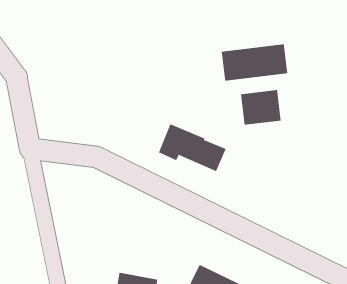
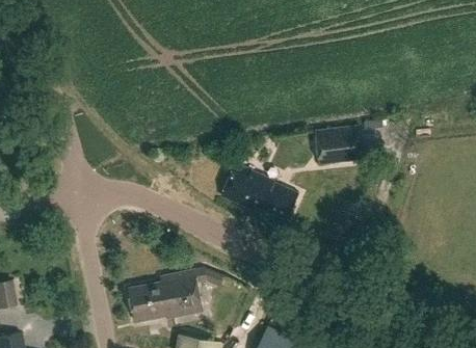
building: [221,43,288,81] -> none
building: none -> [128,271,203,322]

